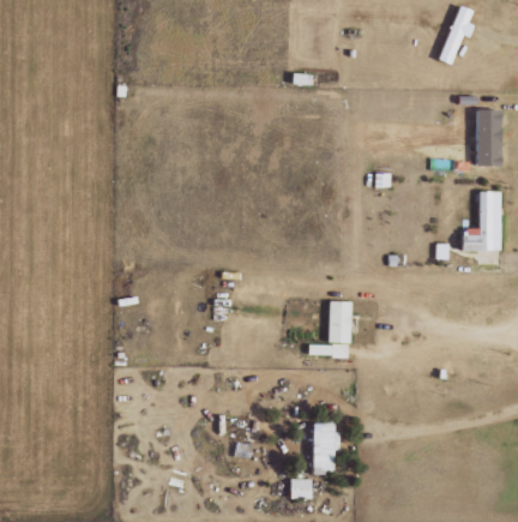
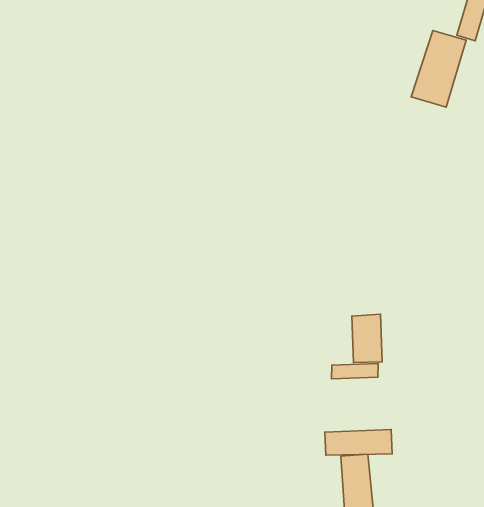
building: none -> [411,30,466,107]
building: none -> [325,430,392,455]

